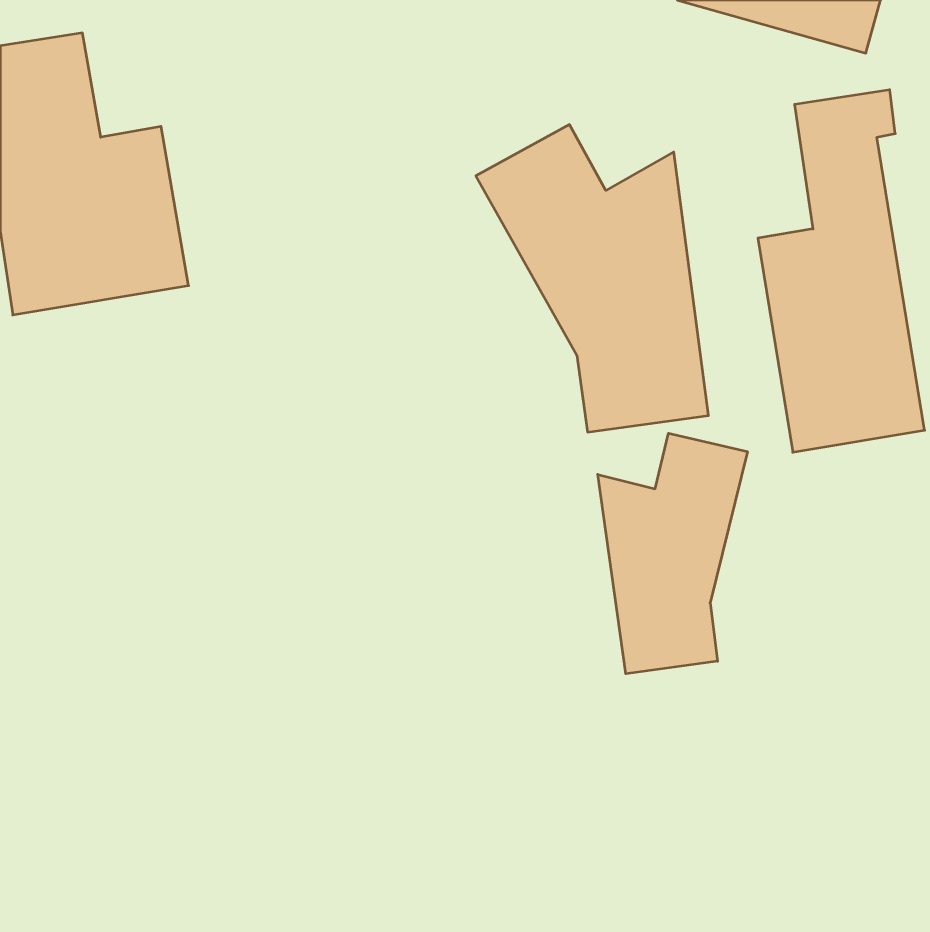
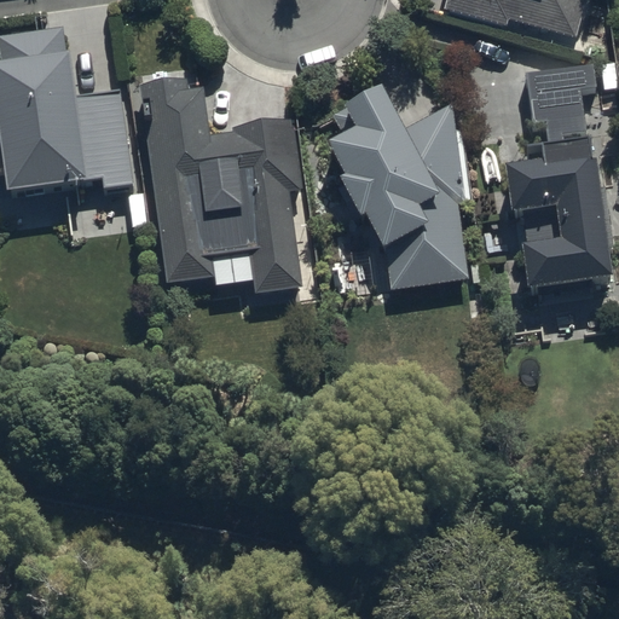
building: none -> [140,70,306,293]
building: [598,433,747,674] -> none

